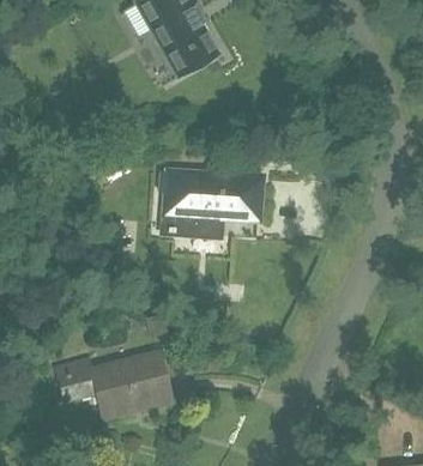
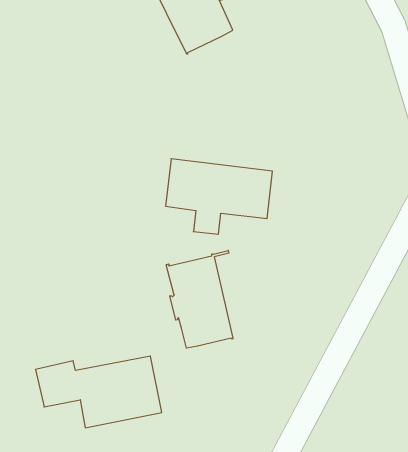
building: none -> [166,250,233,348]

